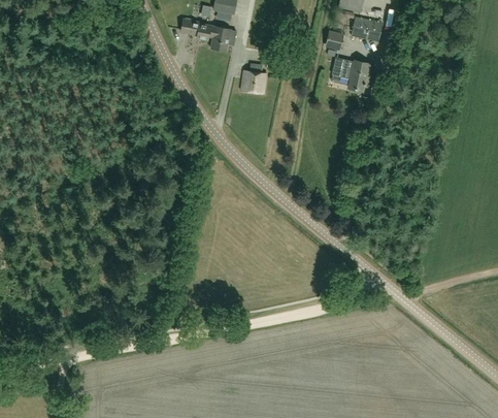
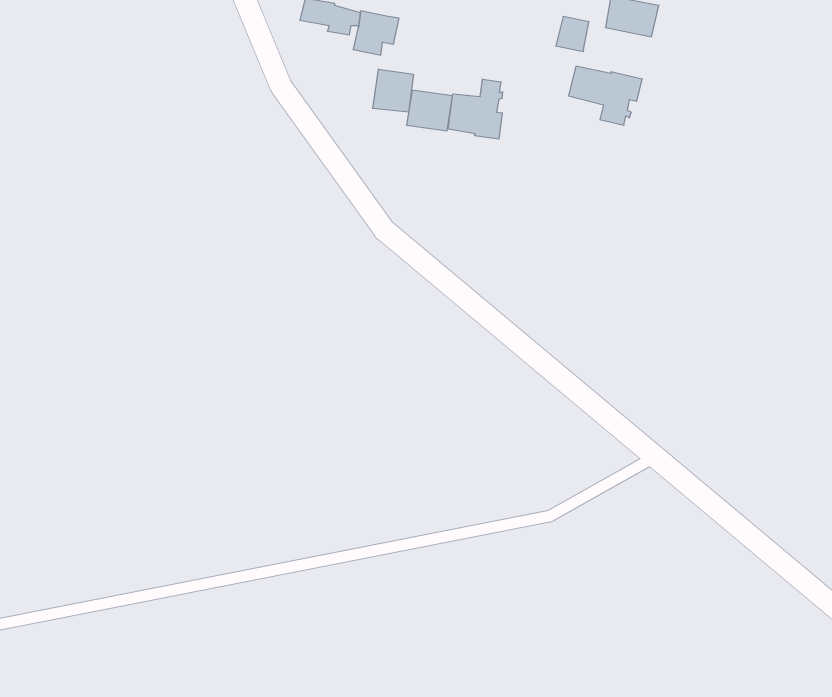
building: none -> [373,69,413,112]
building: none -> [448,79,502,139]

